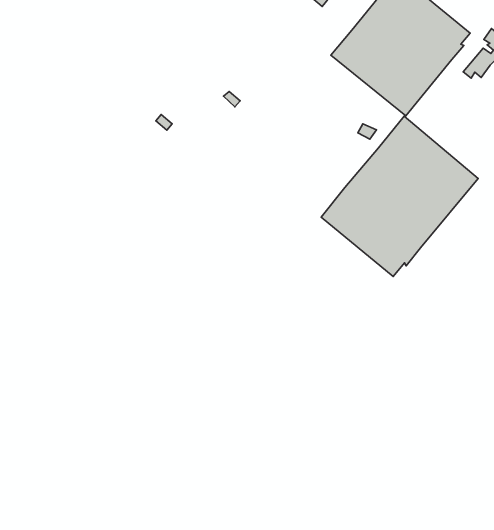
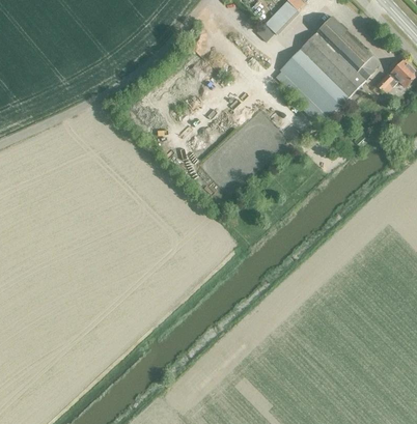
building: [321,116,478,277] -> none

